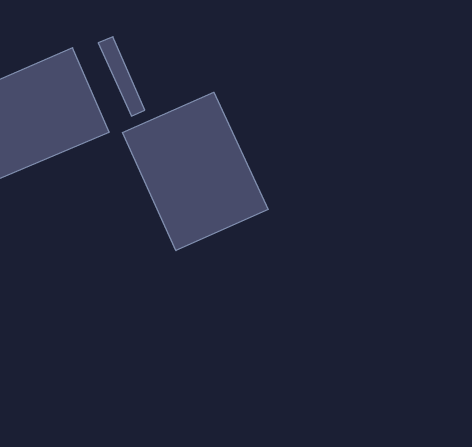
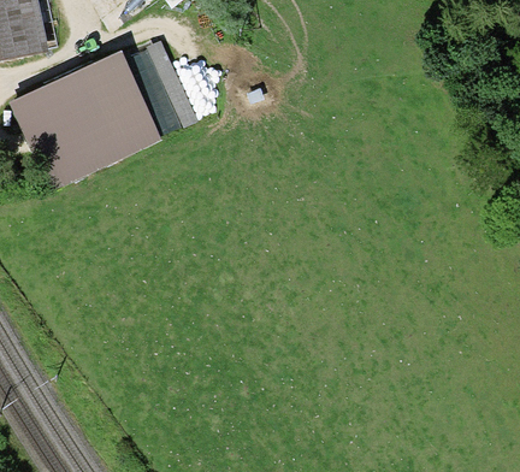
building: [123,92,268,251] -> none

